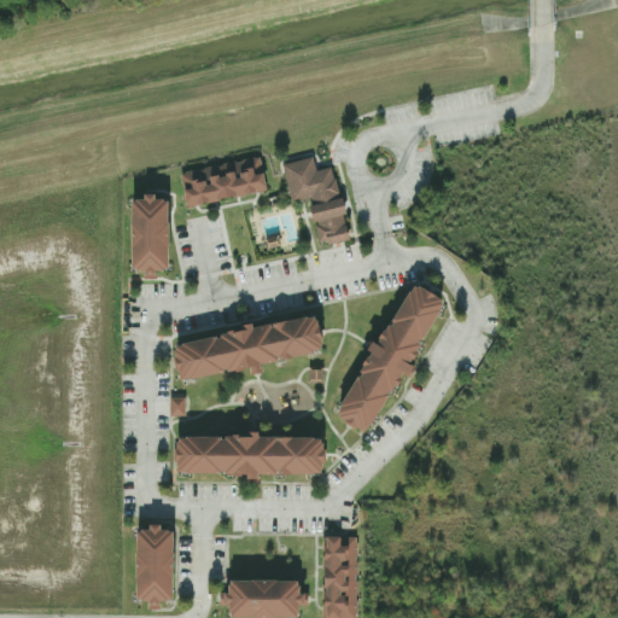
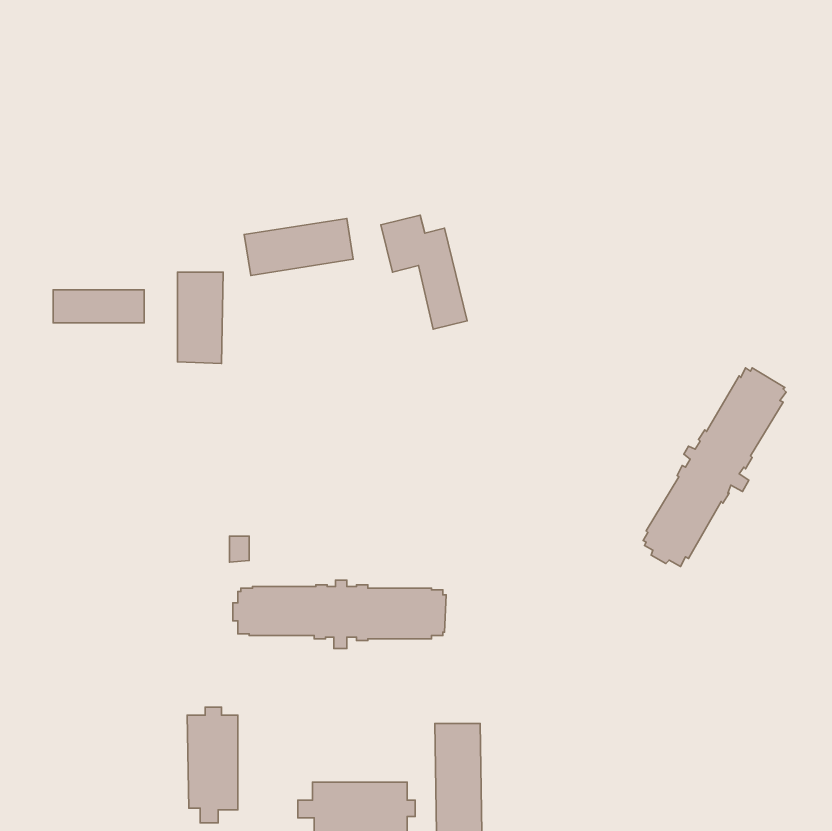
building: none -> [53,290,144,323]
building: [338,284,444,431] -> [643,368,786,567]
building: [173,314,330,379] -> none

